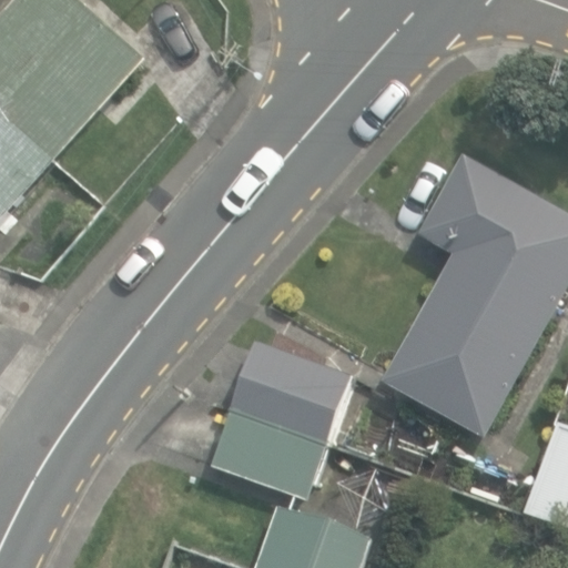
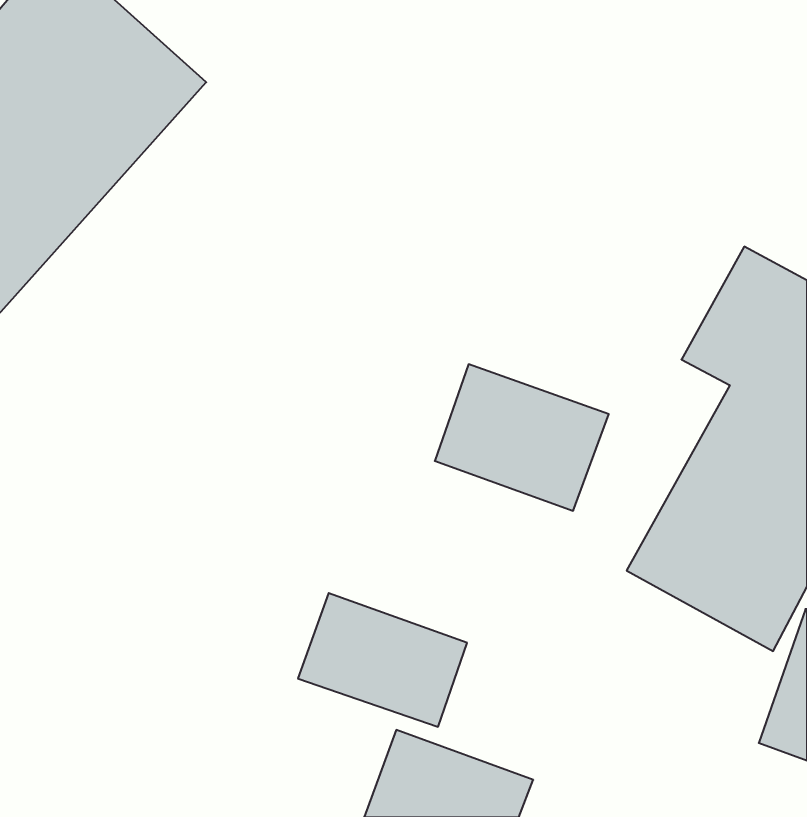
building: [226,342,346,443] -> [435,364,609,511]

